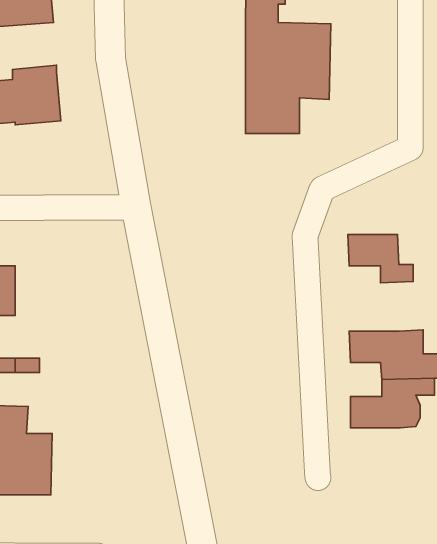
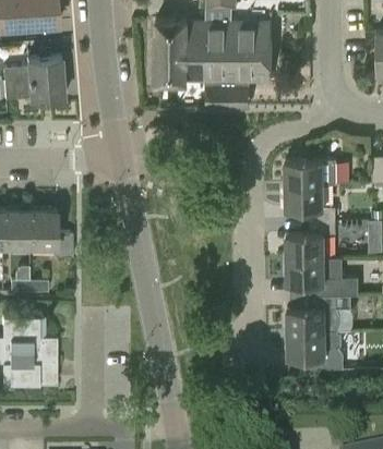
building: none -> [155,20,206,83]
building: none -> [285,160,336,185]
building: none -> [29,209,72,257]
building: none -> [286,221,335,259]
building: none -> [287,332,344,371]

